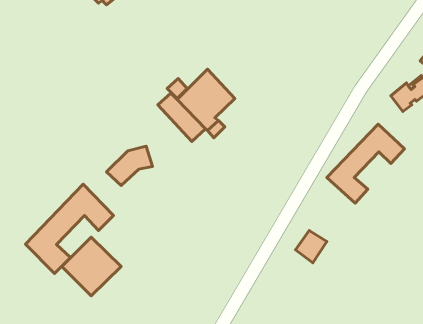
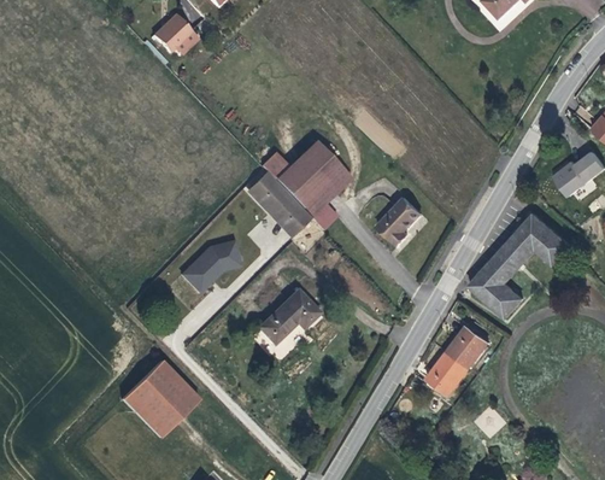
building: none -> [377,203,421,250]
building: none -> [258,289,319,344]
building: [25,184,113,274] -> none
building: none -> [447,322,489,365]

